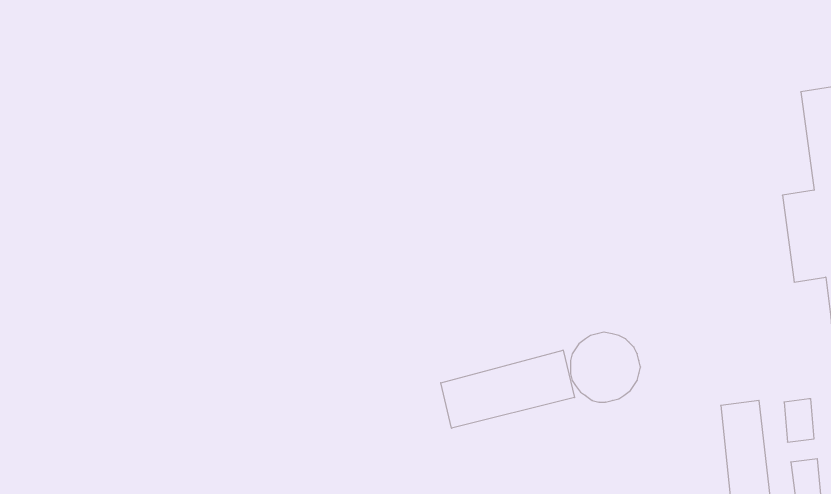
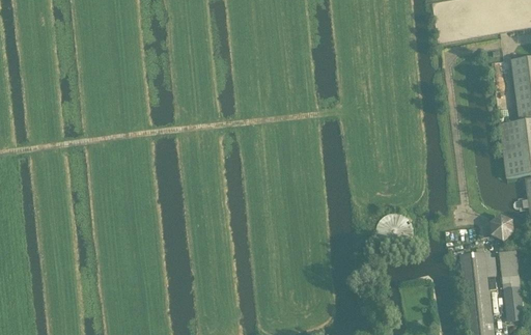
building: none -> [490,213,513,240]
building: [441,350,575,428] -> none

